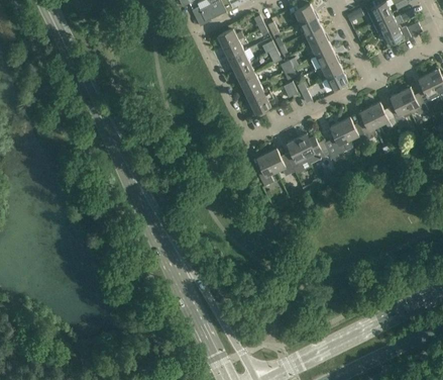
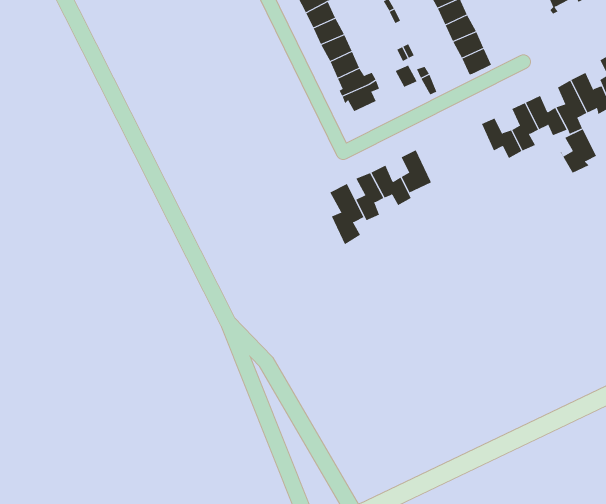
building: [330,121,352,155] -> none
building: none -> [560,128,597,174]
building: [297,133,329,164] -> none
building: none -> [330,183,364,245]

